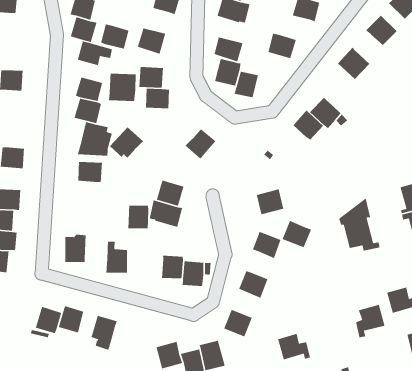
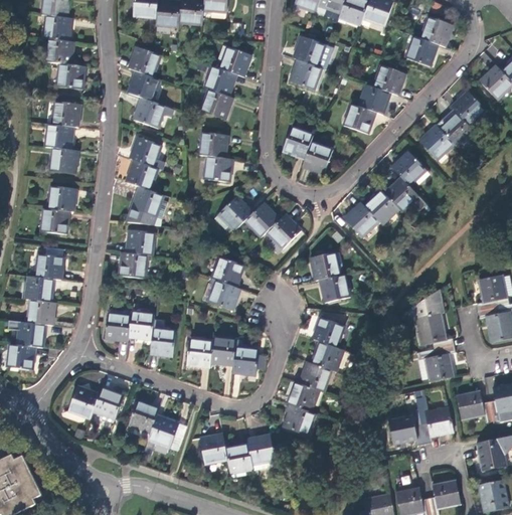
building: none -> [58,62,84,89]
building: none -> [357,82,391,114]
building: [100,23,130,50] -> [204,64,237,95]
building: none -> [440,112,478,150]
building: [213,36,244,62] -> none
building: none -> [53,101,81,127]
building: none -> [392,150,434,186]
building: [108,73,137,102] -> none
building: none -> [51,147,79,173]
building: none -> [345,201,379,235]
building: none -> [49,186,78,212]
building: [109,127,144,159] -> [216,195,254,230]
building: none -> [267,212,302,247]
building: none -> [310,250,346,280]
building: none -> [119,251,148,279]
building: [127,205,149,229] -> [129,311,154,339]
building: [282,220,312,248] -> [309,342,343,374]
building: none -> [419,346,455,380]
building: none -> [187,340,213,369]
building: none -> [281,380,314,411]
building: none -> [144,414,179,453]
building: [277,333,311,360] -> [387,415,422,446]

